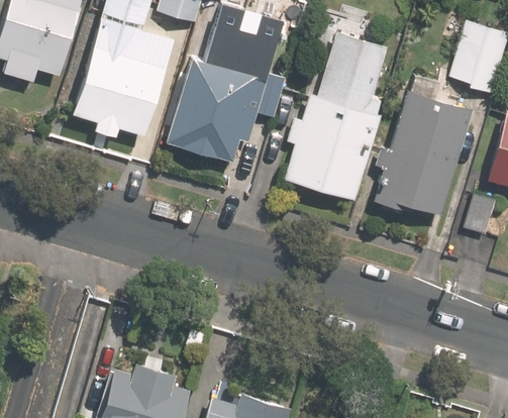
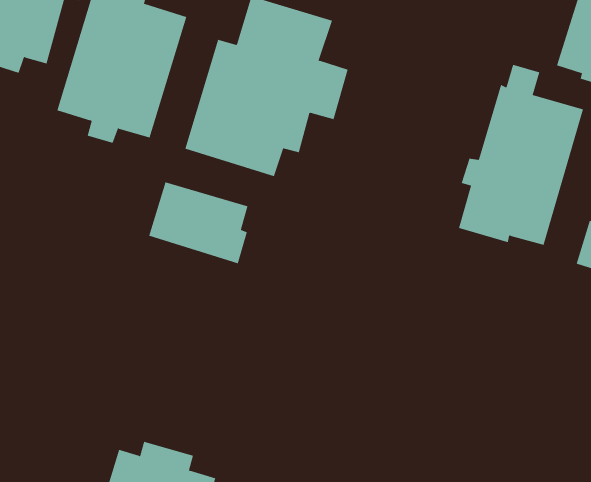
building: [288,33,384,200] -> none
building: none -> [148,182,248,264]

